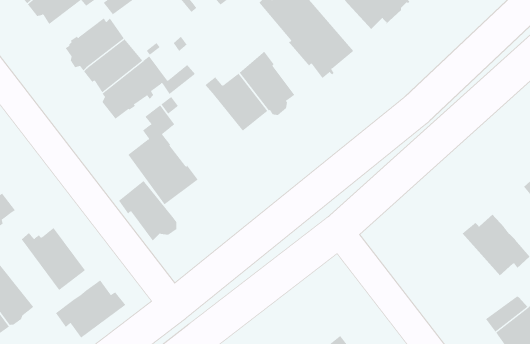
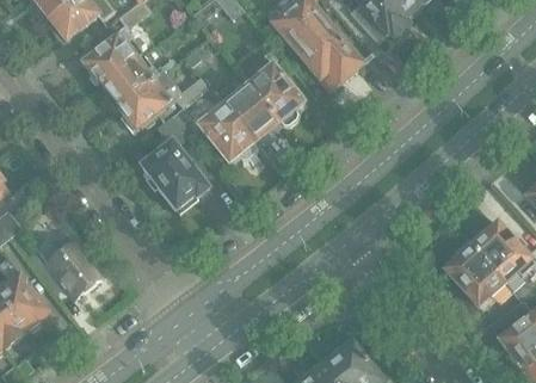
building: [118,180,177,241] -> [198,105,255,165]
building: none -> [444,241,504,310]
building: [55,279,126,339] -> none

